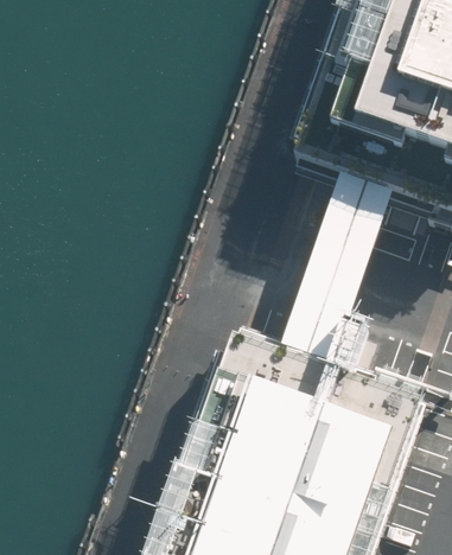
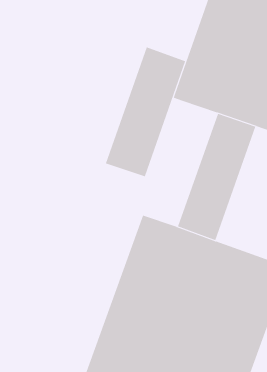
building: none -> [105,47,186,177]

